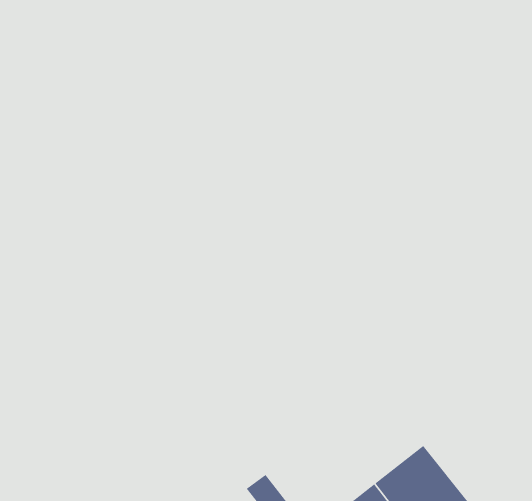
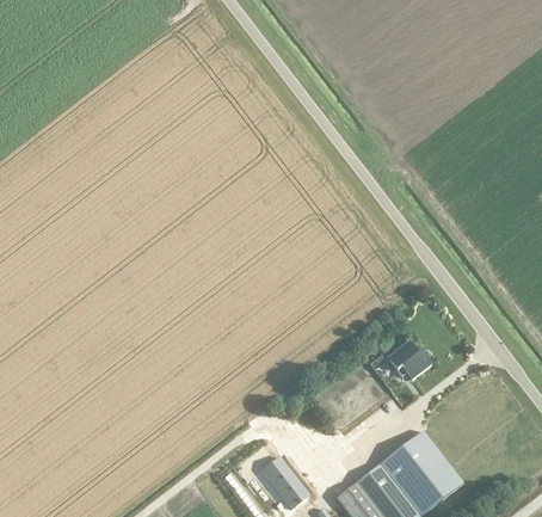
building: none -> [386,341,430,380]

